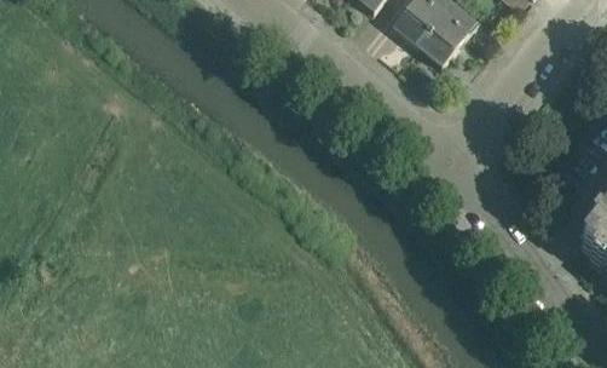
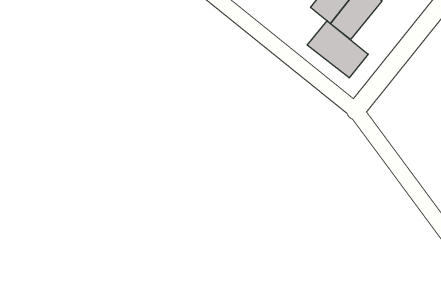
building: none -> [307,21,368,78]

